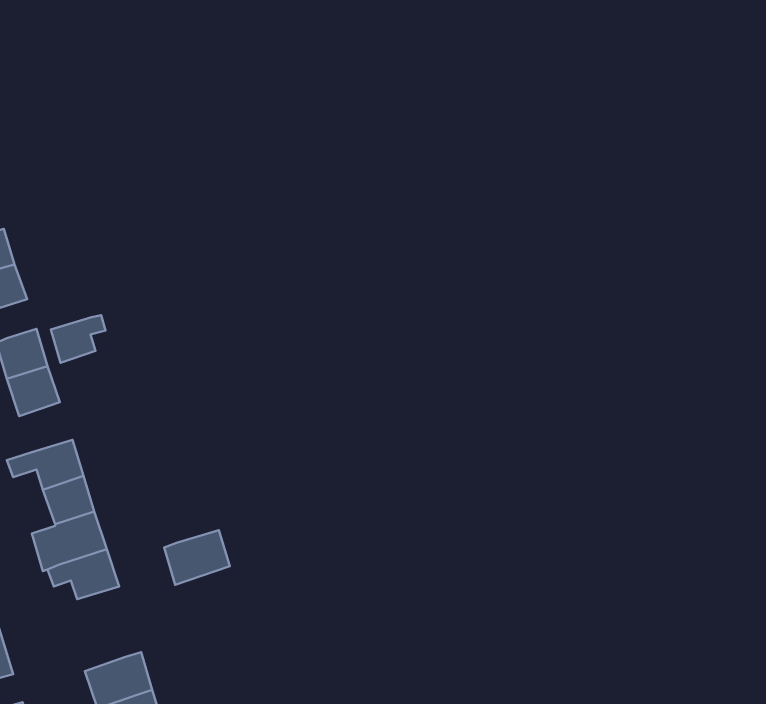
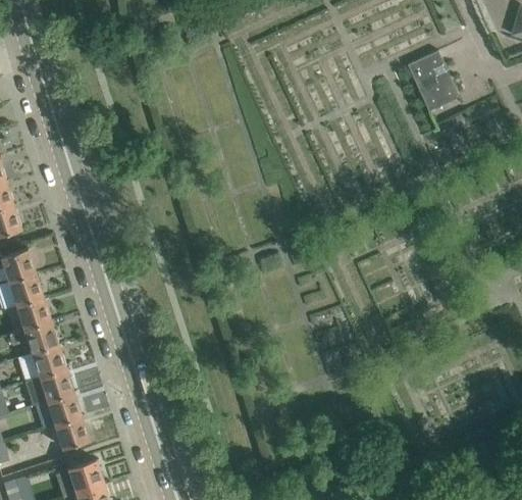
building: none -> [406,51,459,112]
building: [51,315,105,363] -> none
building: none -> [16,297,51,330]
building: [164,530,230,585] -> [46,417,89,453]

